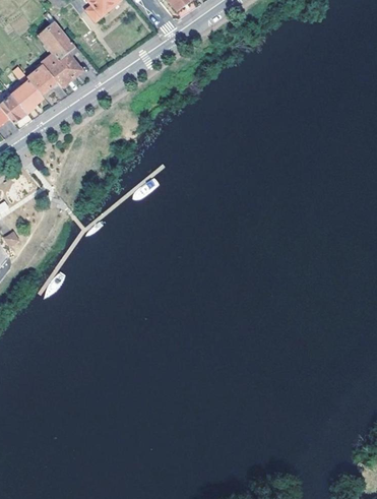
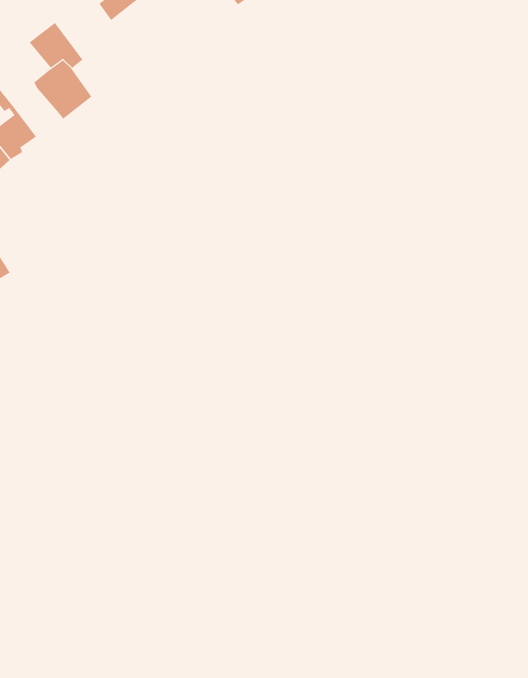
building: [27,65,57,93] -> none

